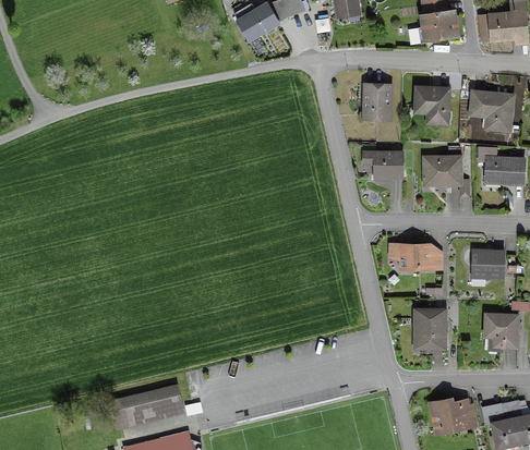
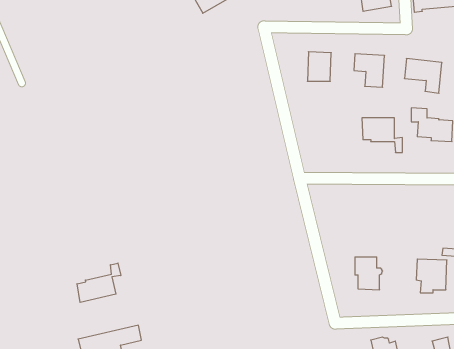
building: [374,153,403,175] -> none
building: [401,245,442,269] -> none
building: [471,250,505,277] -> none
building: none -> [77,263,121,302]

